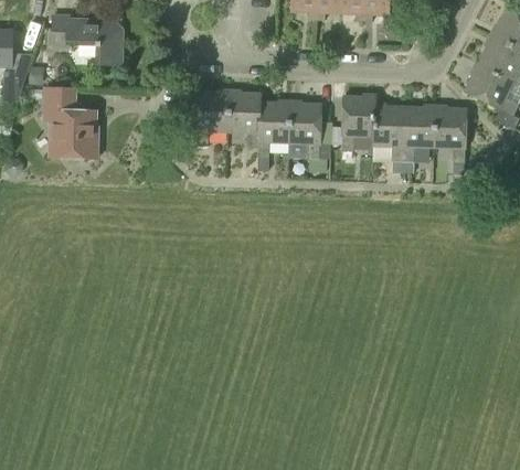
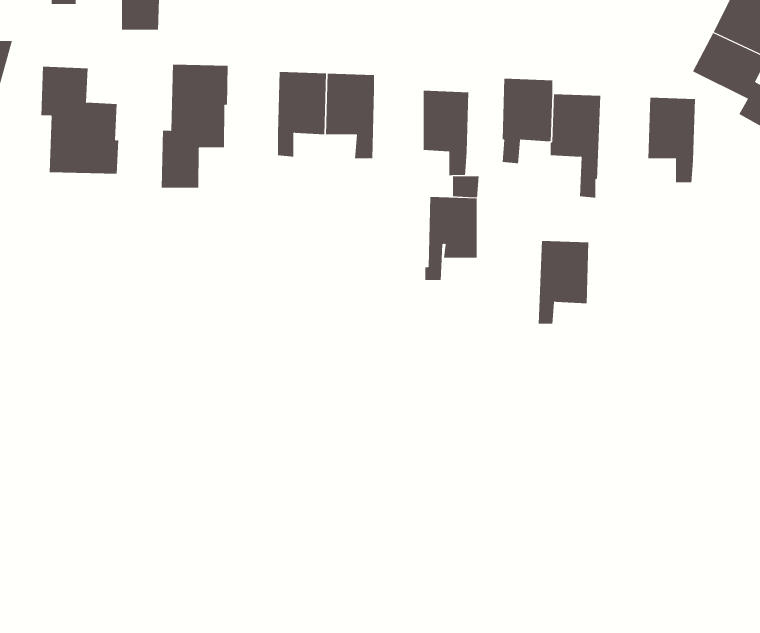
building: none -> [161,64,228,189]
building: [257,102,291,156] -> [424,196,478,280]
building: [404,106,437,160] -> [538,240,589,324]

